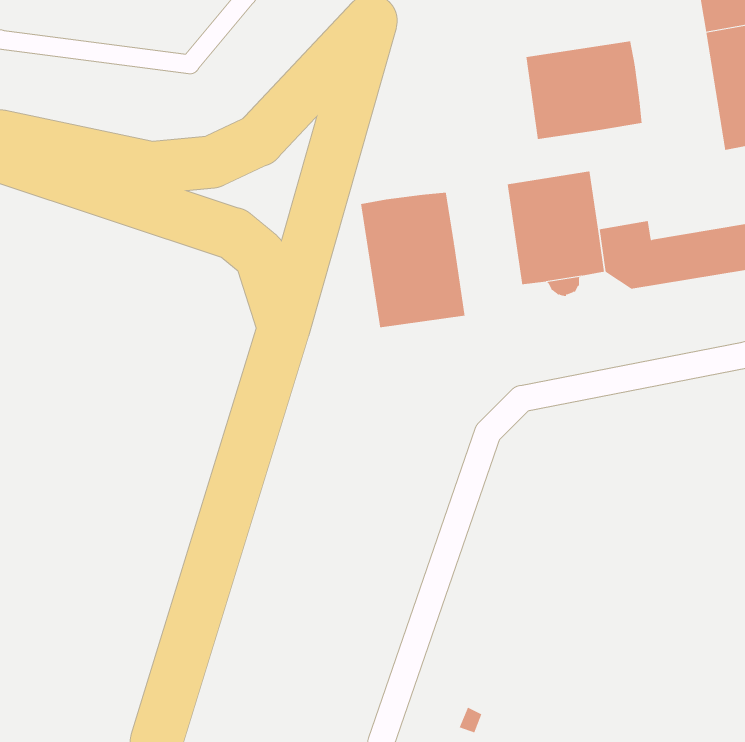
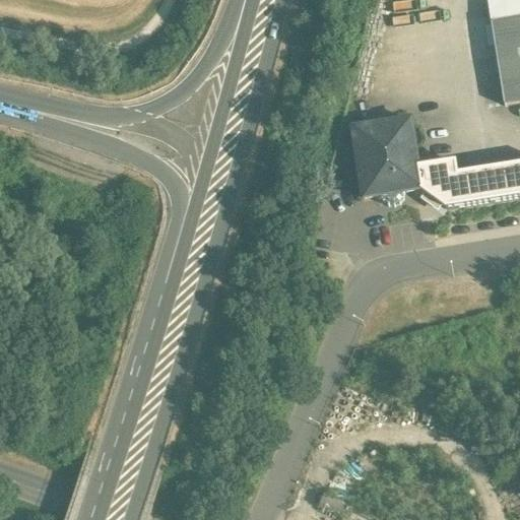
building: [526,40,642,140] -> none
building: [361,192,465,328] -> none

